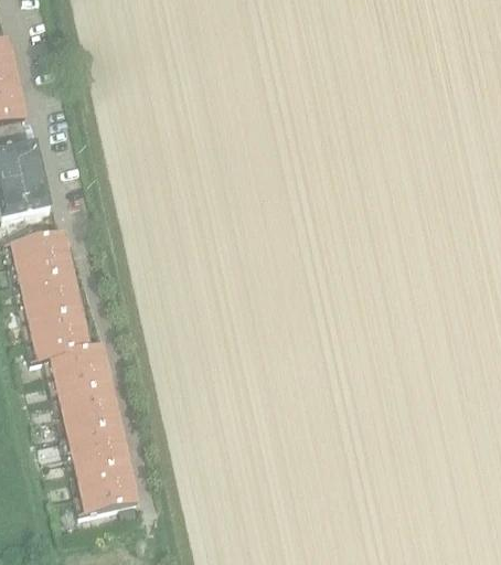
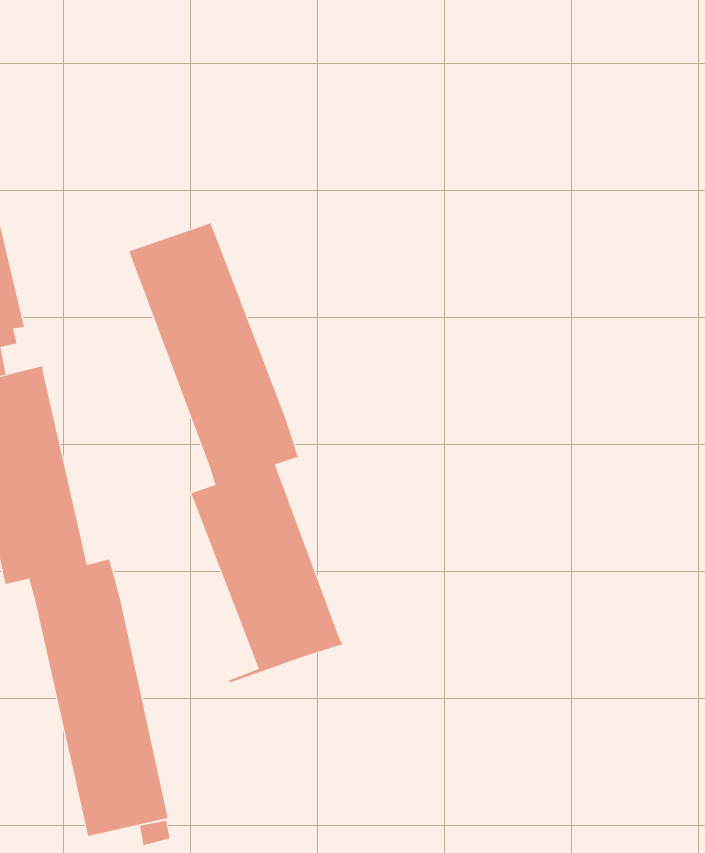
building: none -> [128,222,344,684]

